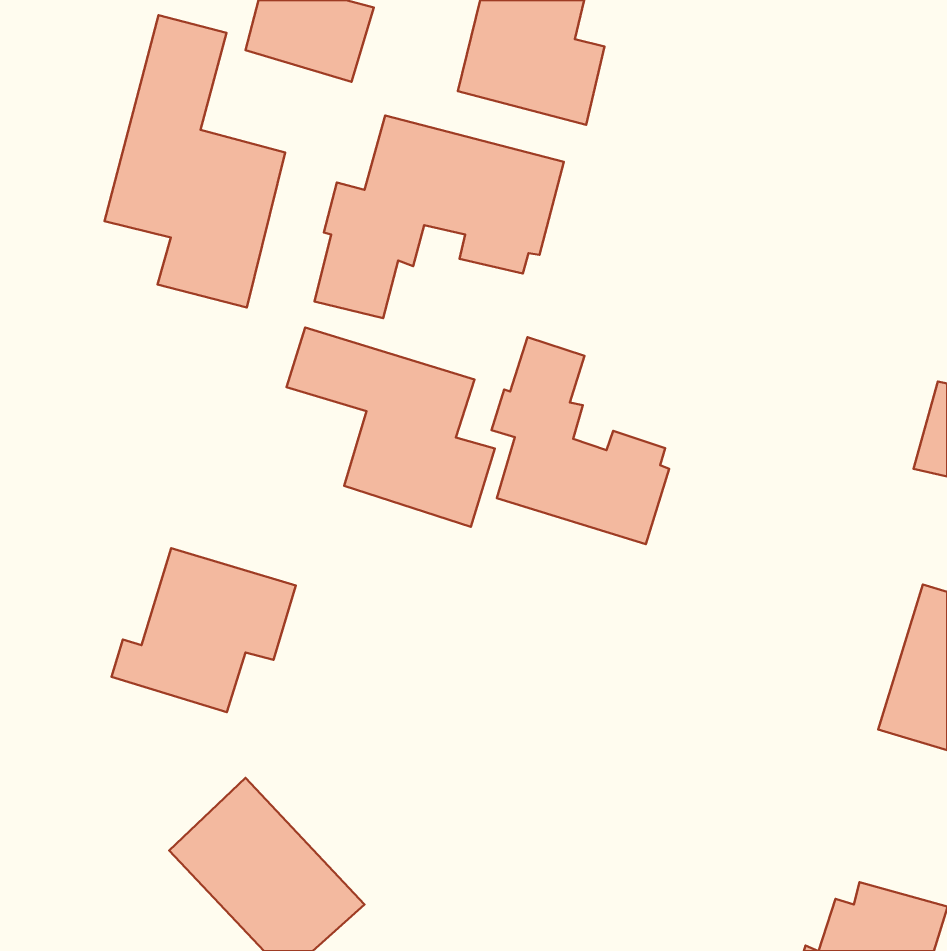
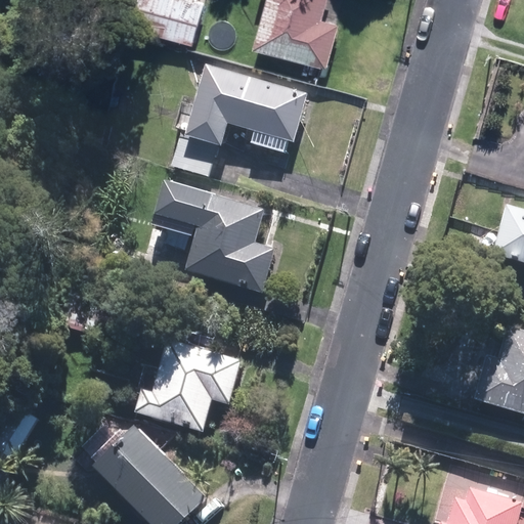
building: [105,15,285,308] -> none
building: [491,337,669,544] -> none
building: [112,548,296,712] -> [142,336,244,426]

